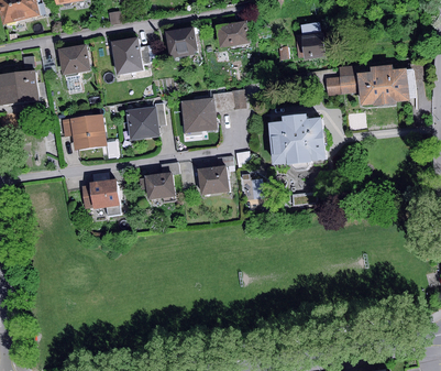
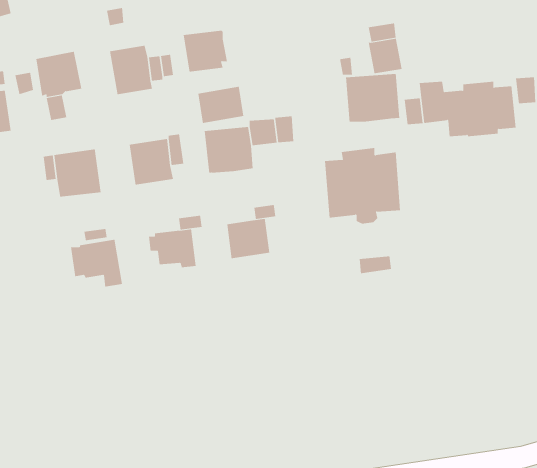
building: [216,20,250,47] -> [198,86,244,124]
building: none -> [346,73,400,122]

